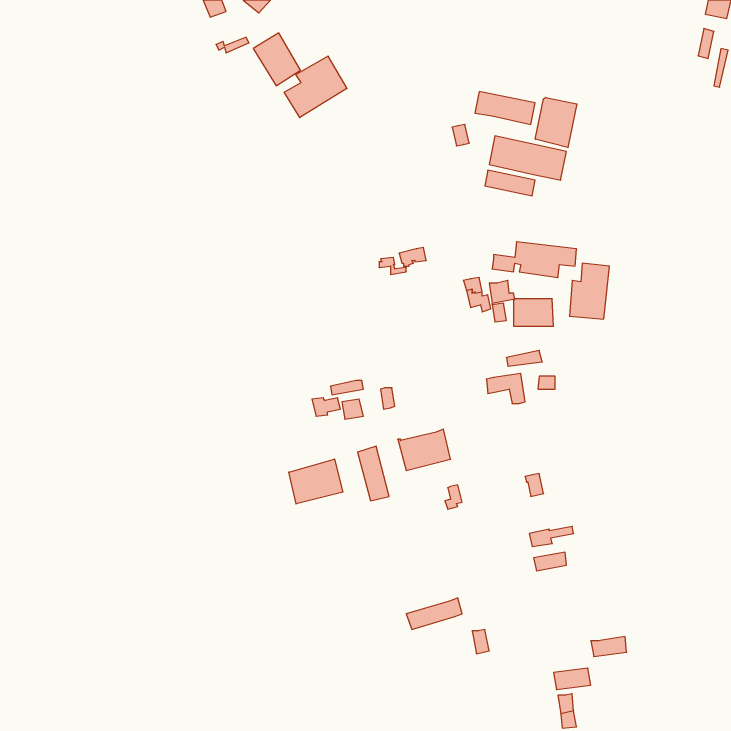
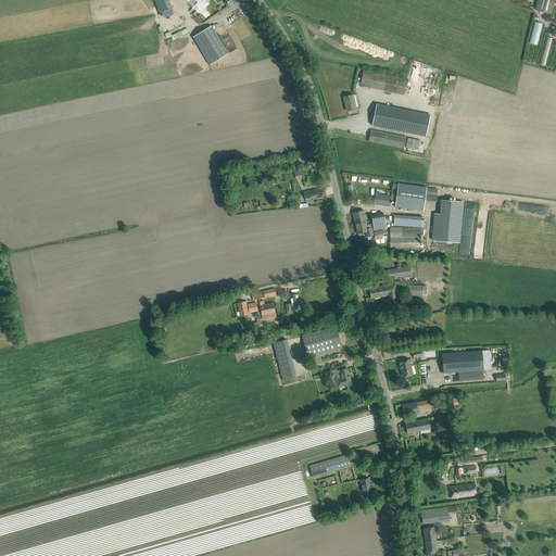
building: [284,56,347,118] -> none
building: [535,97,577,148] -> none
building: [289,459,343,504] -> none
building: none -> [441,350,483,381]

